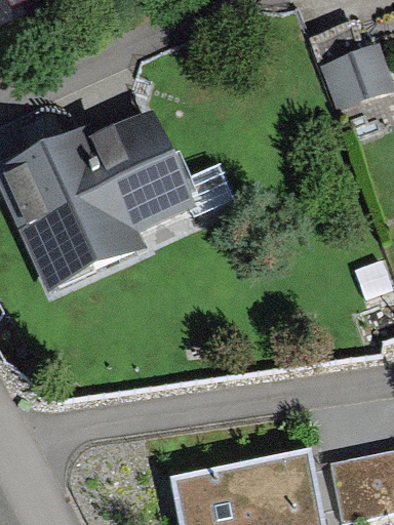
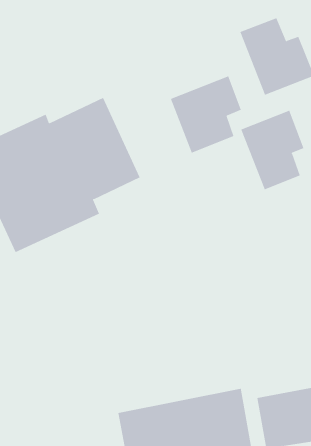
building: none -> [170,76,241,153]
building: none -> [241,110,304,190]

